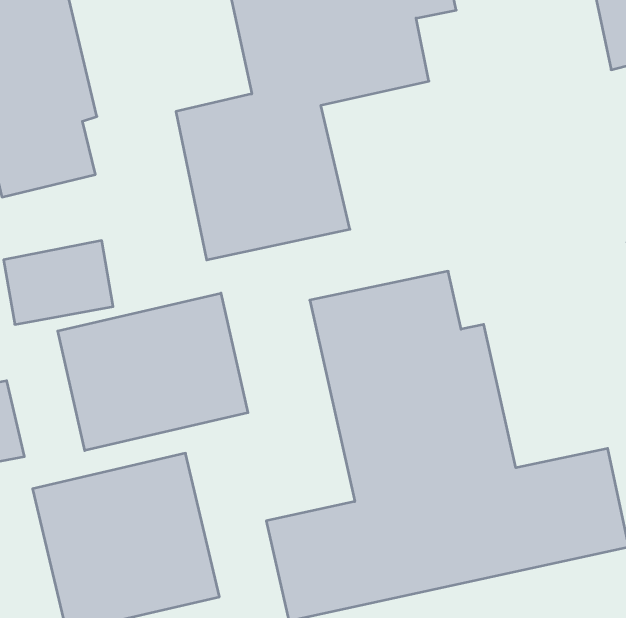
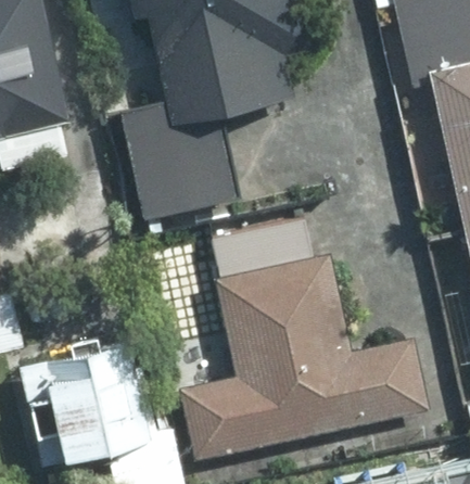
building: [58,293,248,451] -> none

